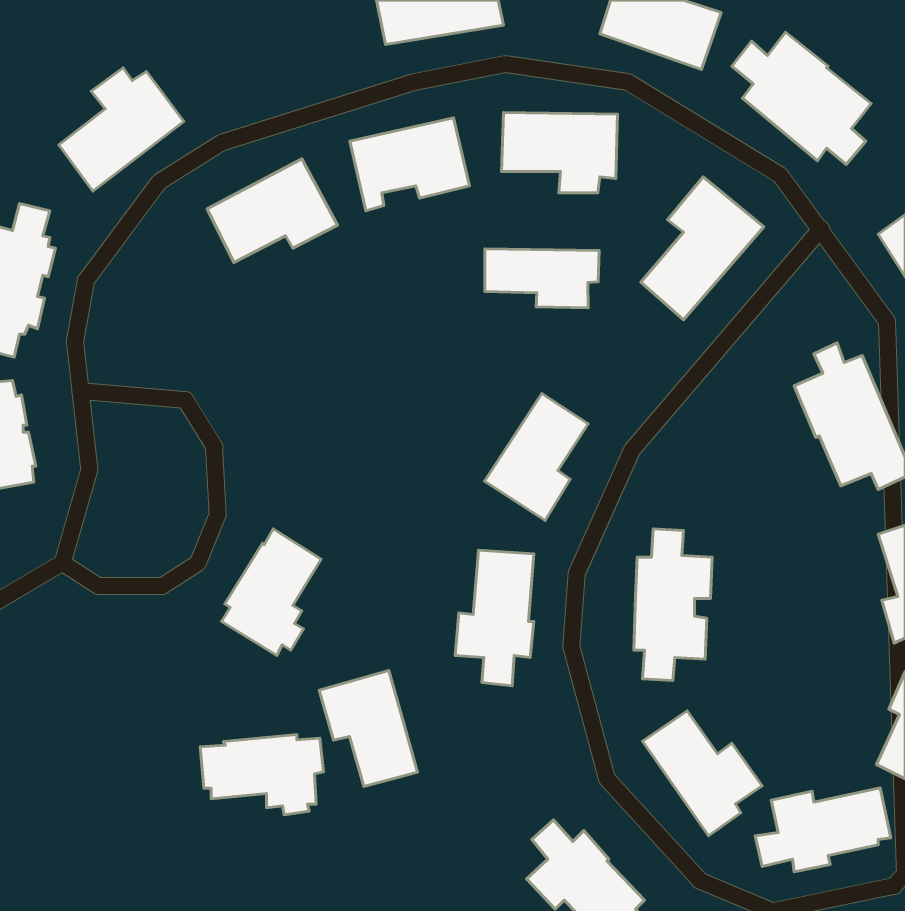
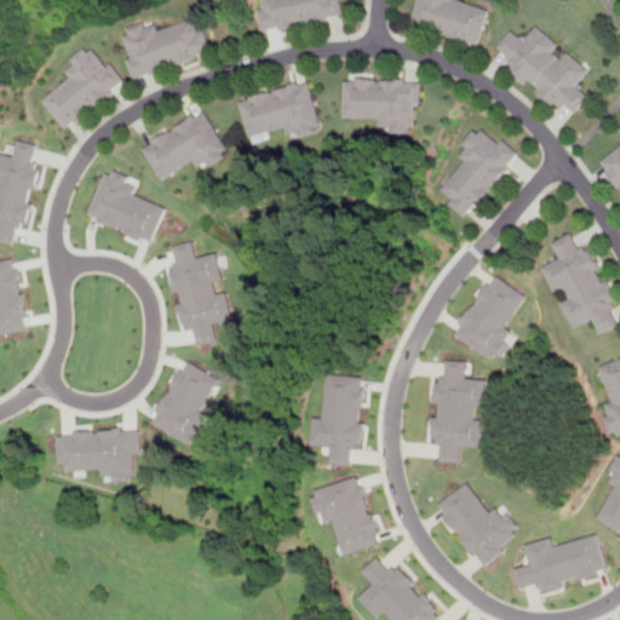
building: none -> [117,17,211,80]
building: none -> [86,170,166,241]
building: [485,249,599,308] -> none
building: none -> [167,241,231,345]
building: [485,394,588,520] -> [453,275,523,361]
building: [319,670,417,787] -> [311,476,378,555]
building: [200,734,323,815] -> [54,427,138,482]

